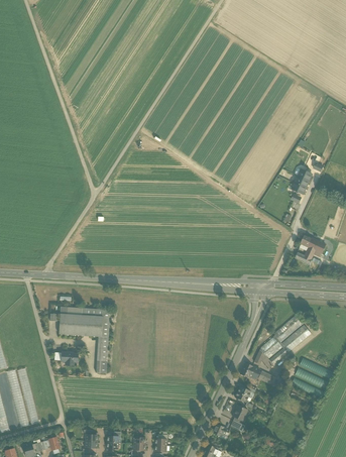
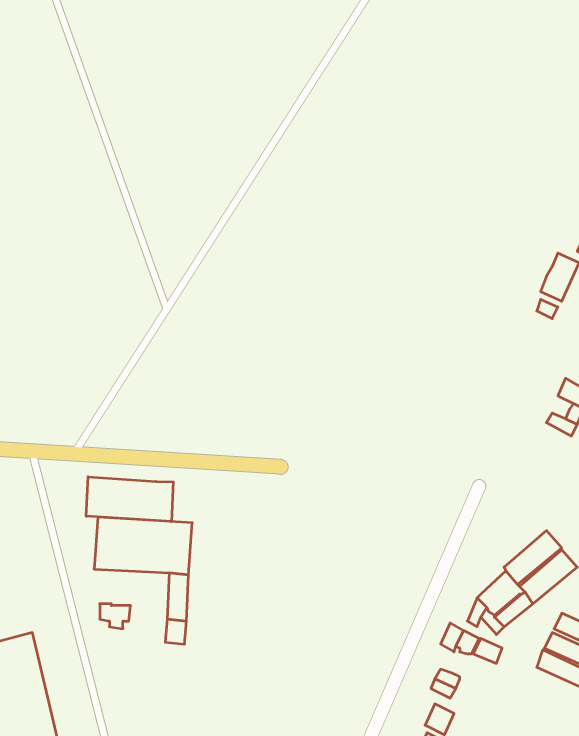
building: none -> [86,477,173,522]

